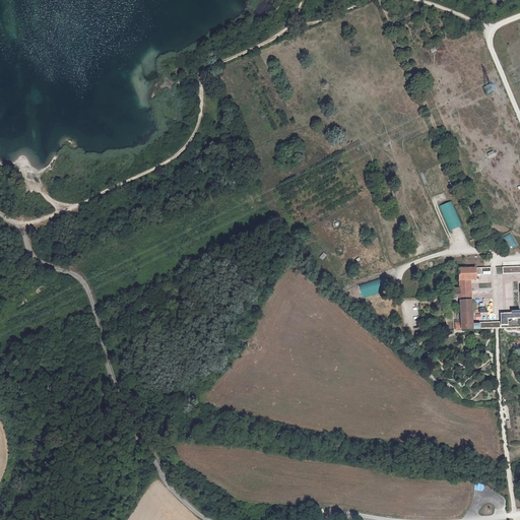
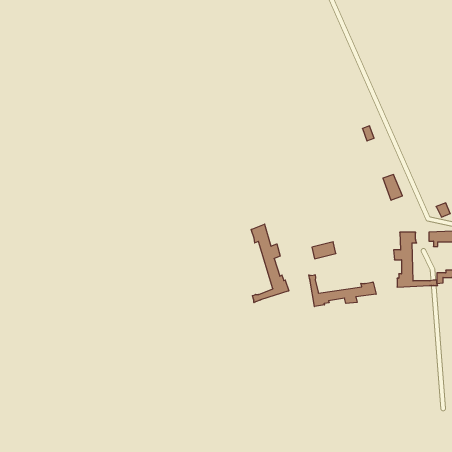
building: none -> [251,224,289,303]
building: none -> [309,275,376,307]

